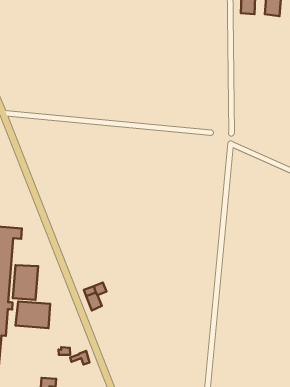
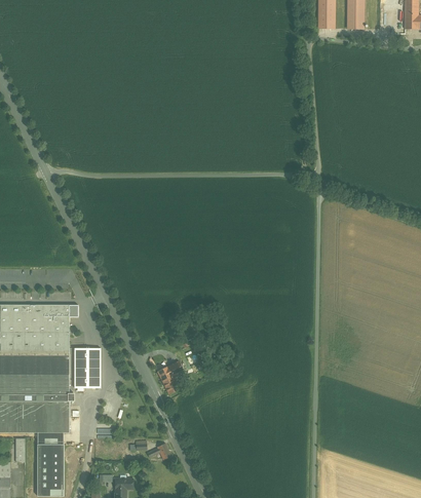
building: [15,301,50,328] -> none

